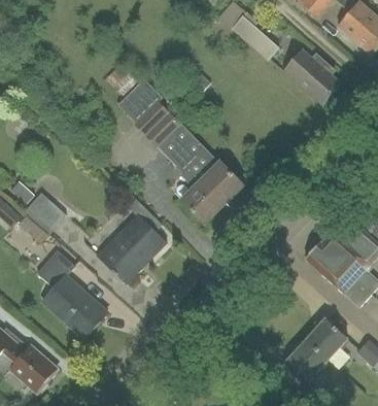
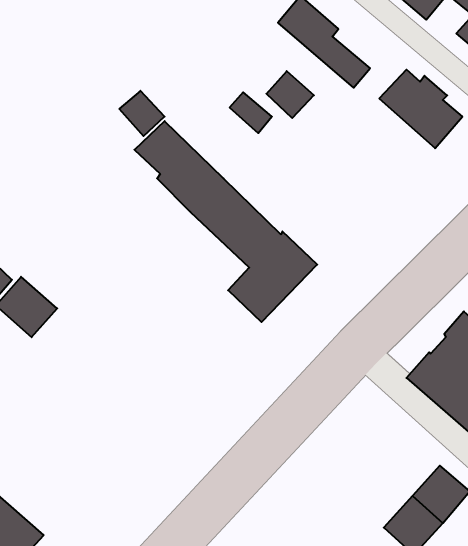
building: none -> [266,71,314,118]
building: [97,199,167,284] -> none
building: [36,249,107,338] -> none

